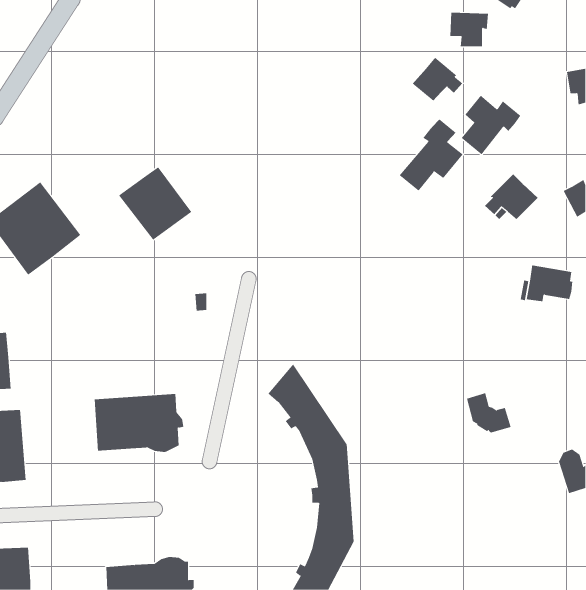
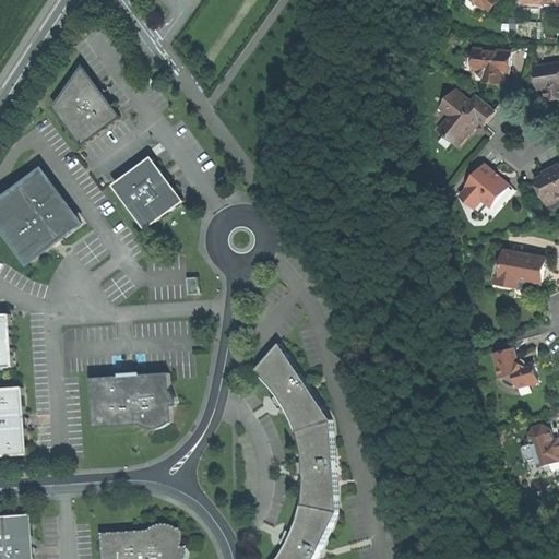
building: [449,12,489,47] -> [471,47,508,80]
building: [412,57,463,101] -> none
building: none -> [51,67,117,144]
building: [399,118,464,191] -> none
building: [466,393,511,433] -> [491,348,534,386]

